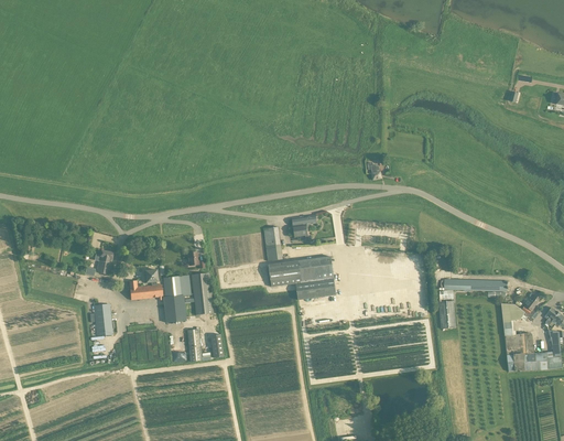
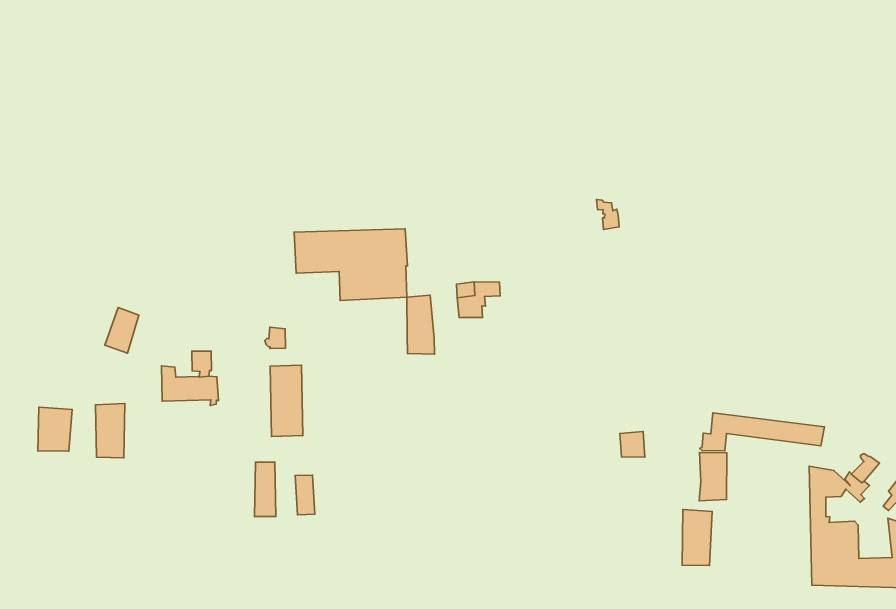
building: [268,256,335,300] -> [294,229,408,301]
building: [162,275,189,322] -> none
building: none -> [38,407,72,451]
building: none -> [682,509,712,566]

